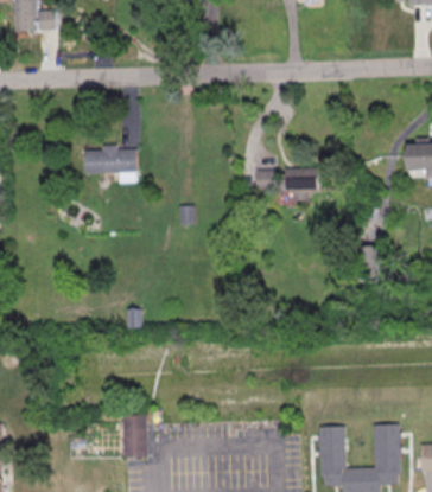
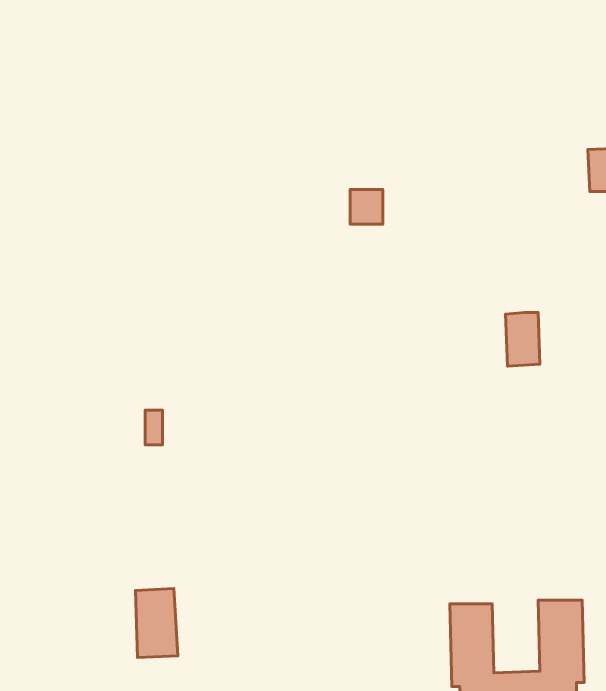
building: [82,145,134,173] -> none
building: [286,168,319,200] -> none

